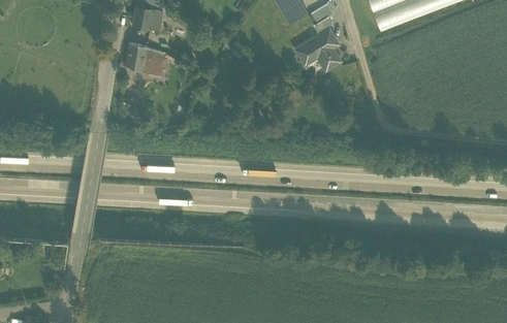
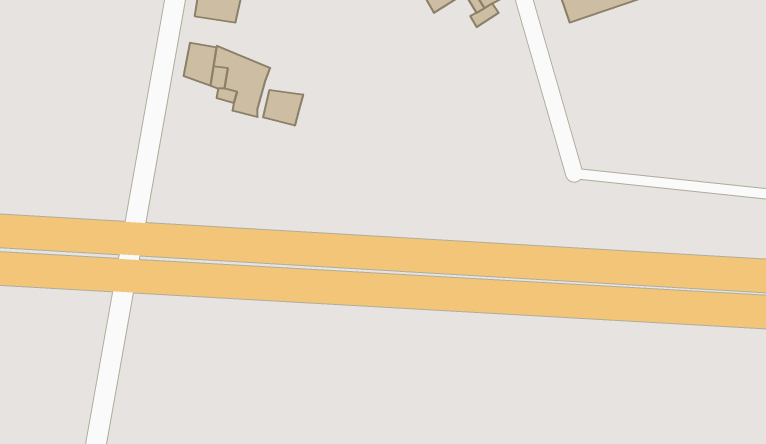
building: [293,26,340,69] -> none
building: none -> [263,90,303,126]

